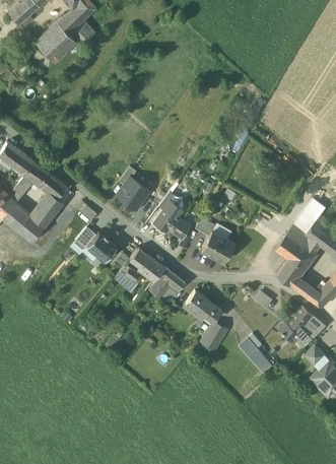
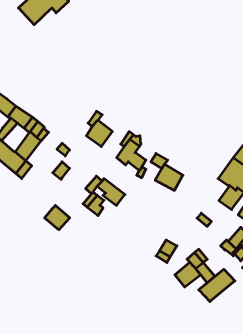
building: [87,231,118,261] -> [45,205,70,230]
building: [149,268,185,301] -> none
building: [185,290,221,320] -> none
building: none -> [175,262,200,287]
building: none -> [199,269,235,302]

